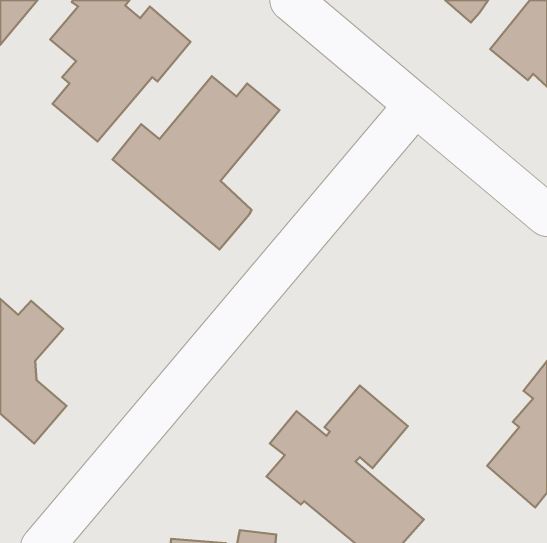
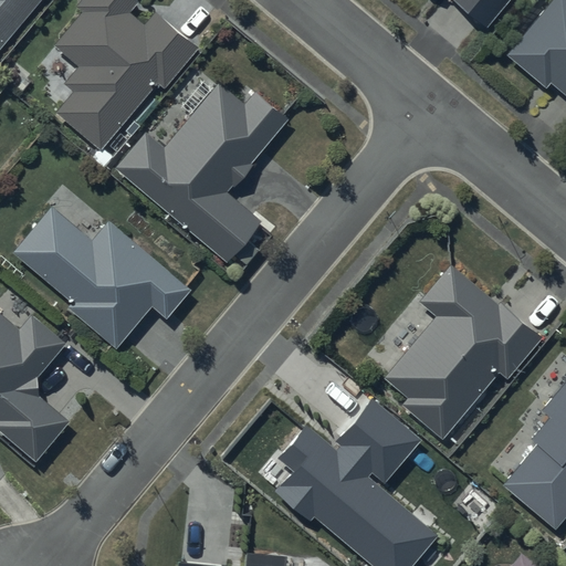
building: none -> [11,206,190,348]
building: none -> [382,264,542,439]

